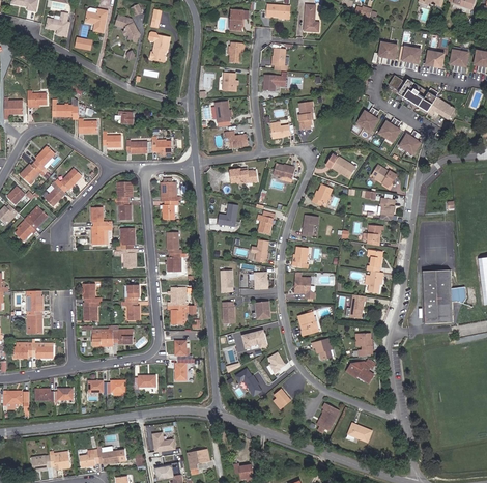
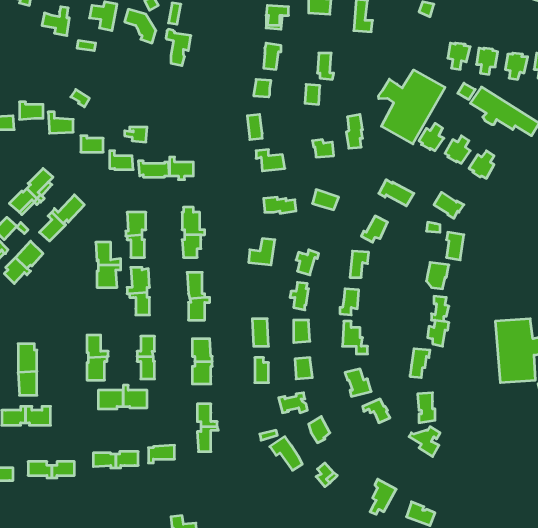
building: none -> [379,70,445,144]

